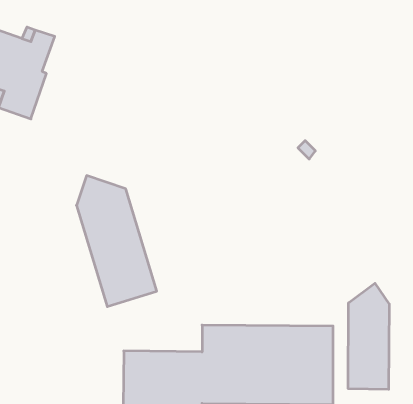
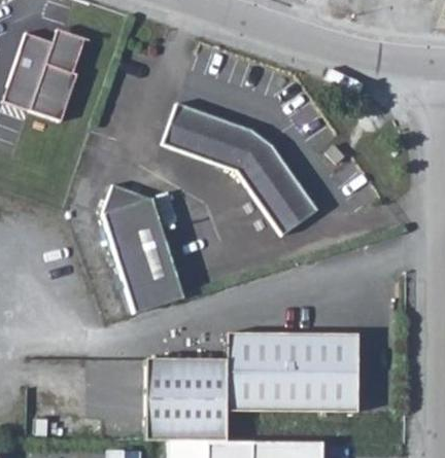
building: none -> [162,103,317,233]
building: [348,283,389,389] -> none

